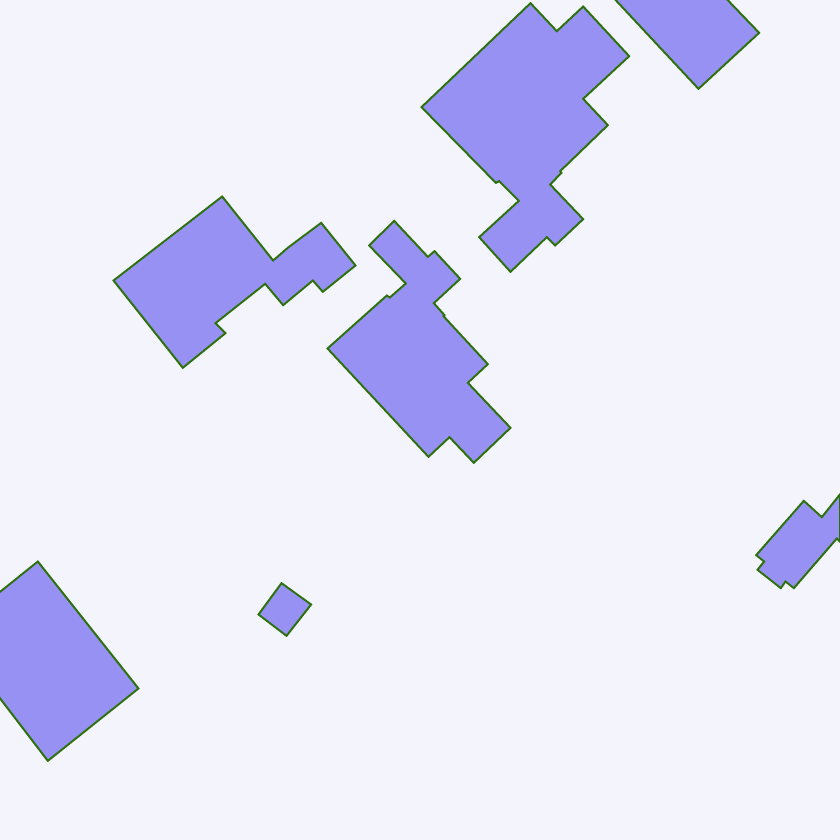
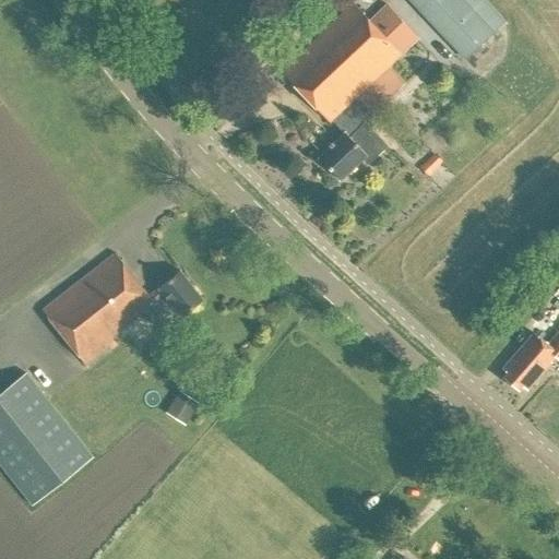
building: [114,196,356,368] -> [41,253,202,367]
building: [328,221,511,463] -> none

